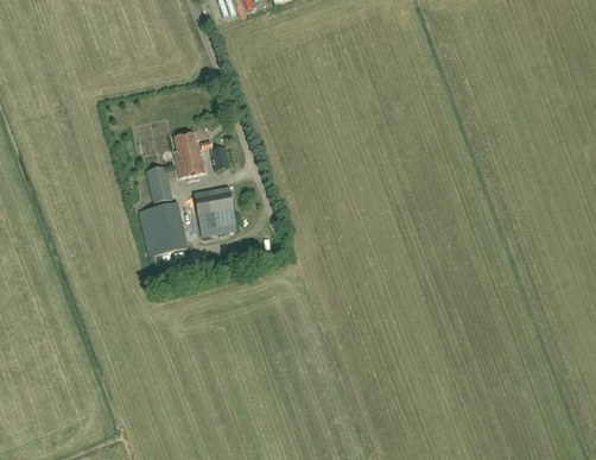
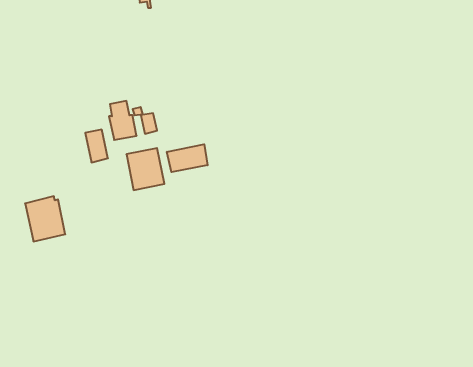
building: none -> [167,144,208,172]
building: [140,202,186,254] -> [25,196,65,241]

